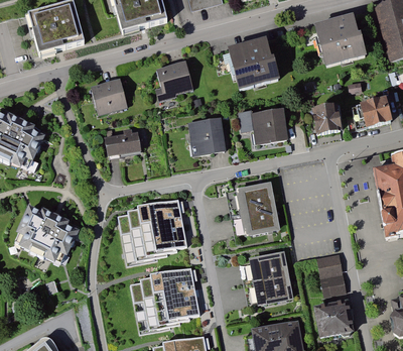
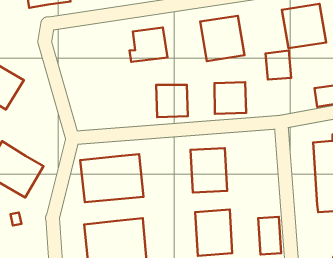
building: [89,78,126,113] -> none
building: [313,103,345,137] -> [265,51,291,80]
building: [103,131,140,158] -> none

